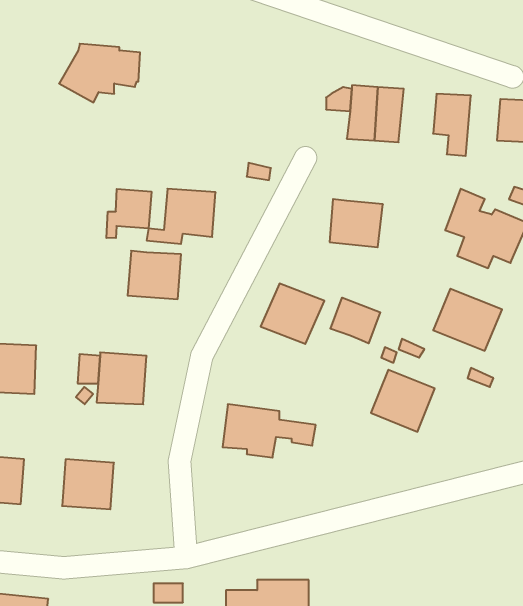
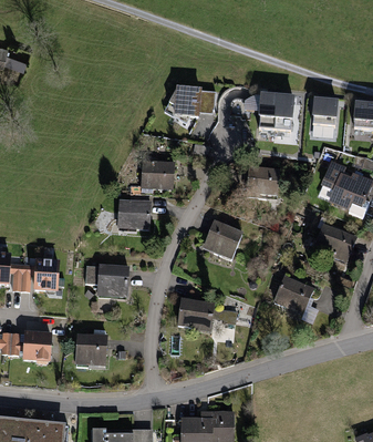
building: [59,44,140,102] -> [164,85,216,123]
building: [106,189,151,238] -> none
building: [330,298,380,343] -> none

